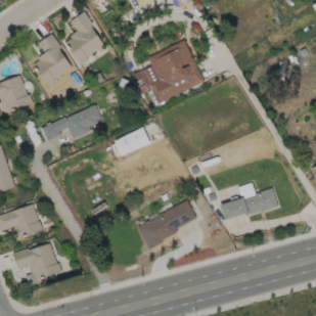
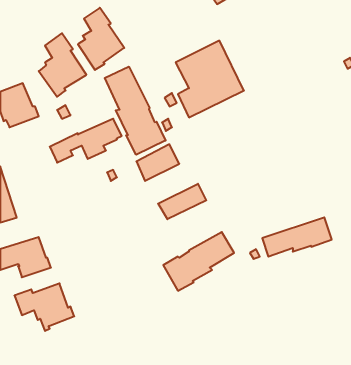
building: none -> [105,67,166,155]
building: none -> [158,184,206,219]

